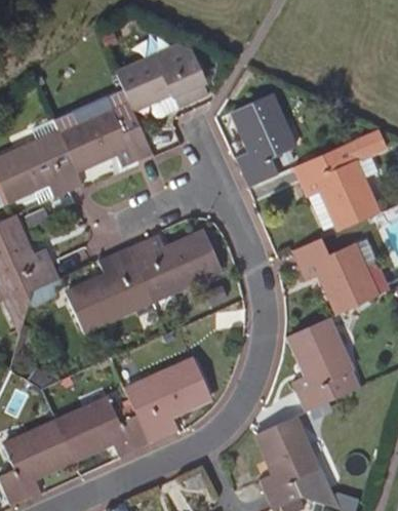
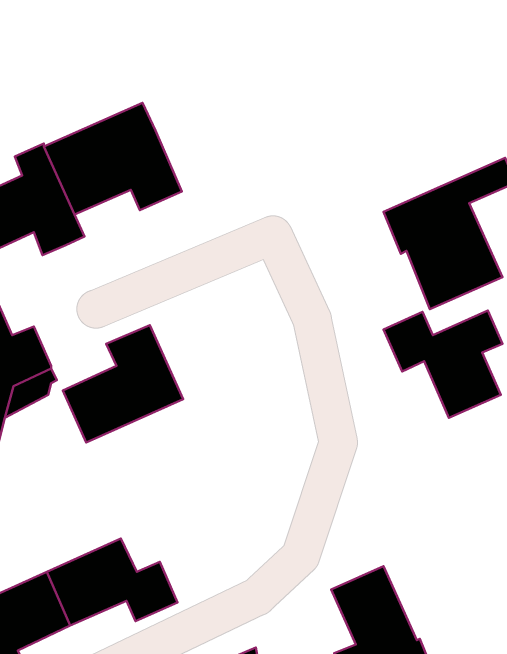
building: [117,45,210,112] -> none
building: [235,94,294,187] -> none
building: [129,231,222,300] -> none
building: [290,318,359,411] -> none
building: [125,359,211,443] -> none

